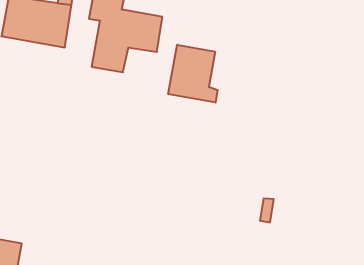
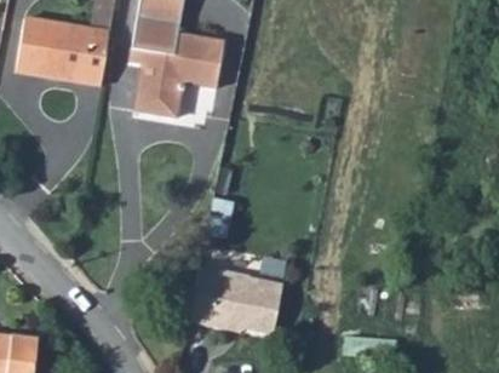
building: [168,45,218,103] -> none
building: none -> [188,265,282,333]

